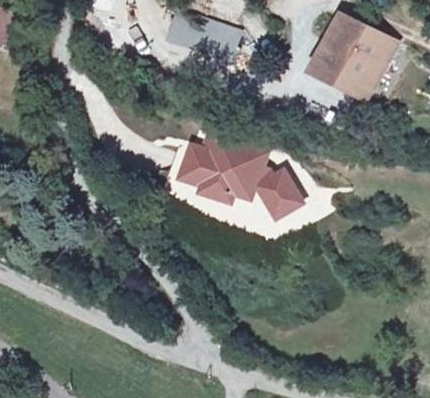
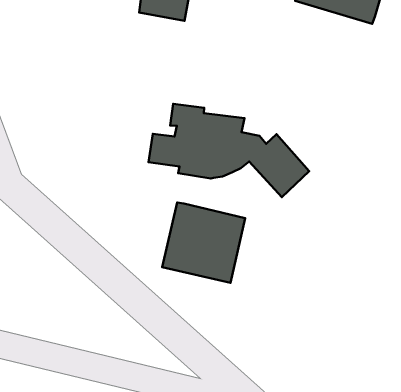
building: none -> [162,203,245,283]

